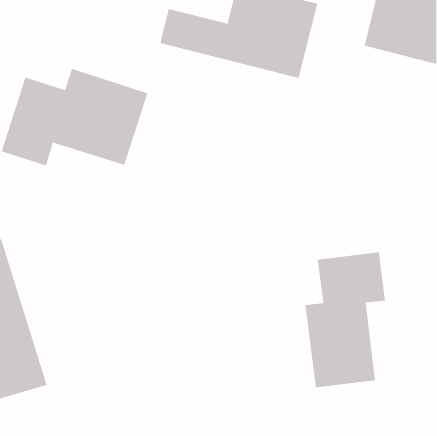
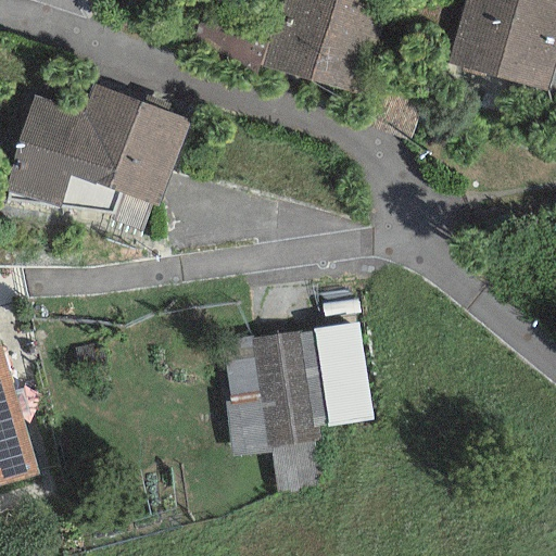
building: [305,251,385,388] -> none
building: none -> [208,317,372,486]

